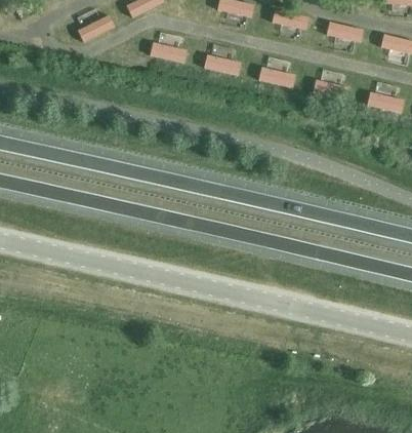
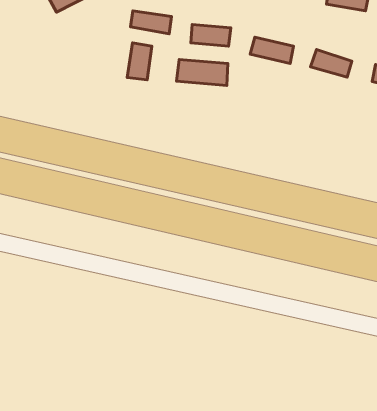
building: none -> [127,43,152,80]
building: none -> [177,59,228,86]

